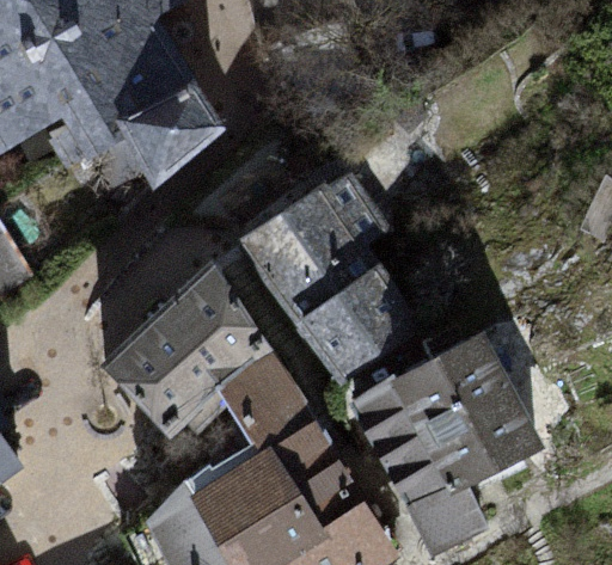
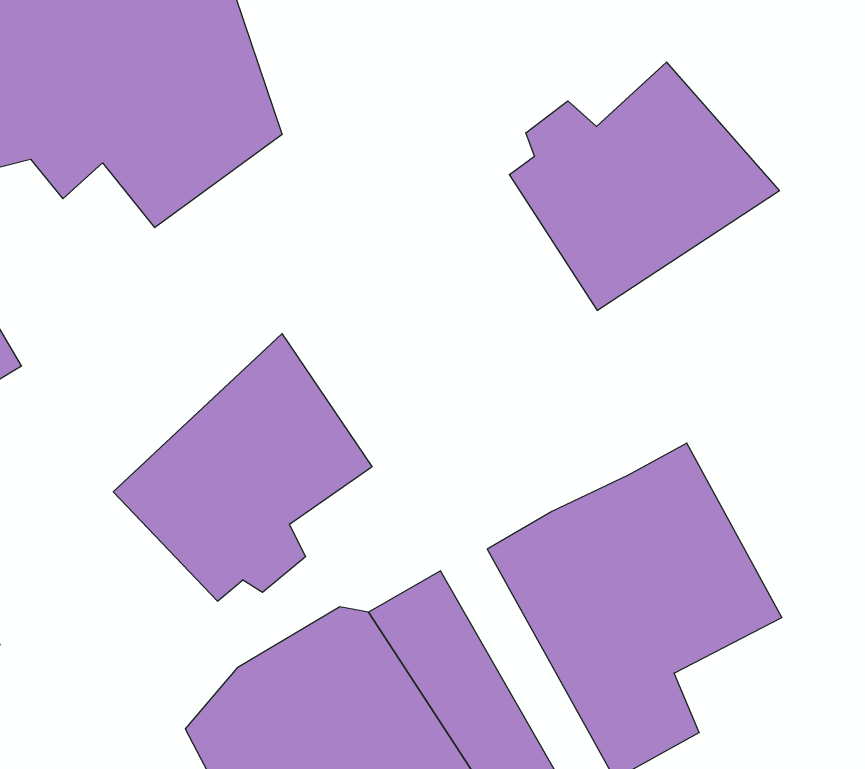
building: none -> [509,62,779,310]
building: [239,171,440,404] -> none
building: [215,349,316,446] -> none

